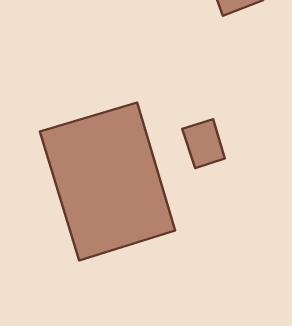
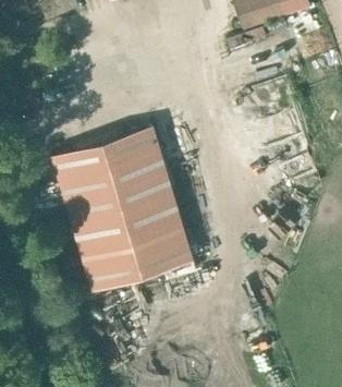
building: [182,119,225,168] -> none

